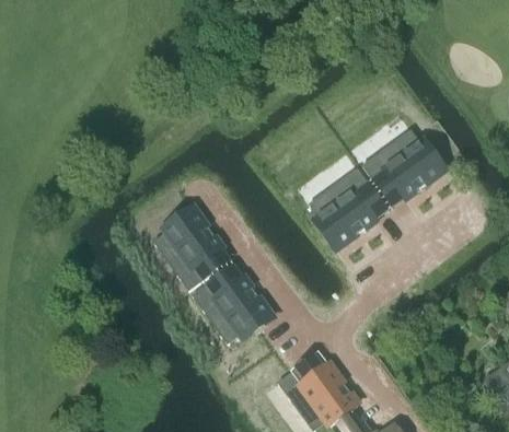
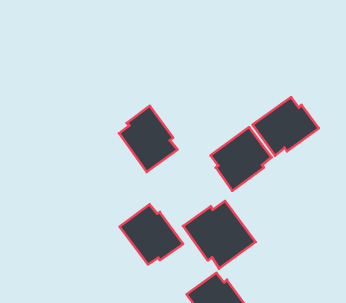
building: [154,206,229,290] -> [119,106,177,172]
building: none -> [183,201,256,269]

